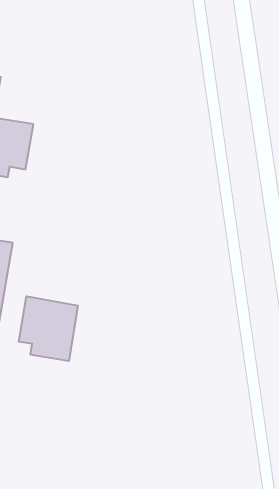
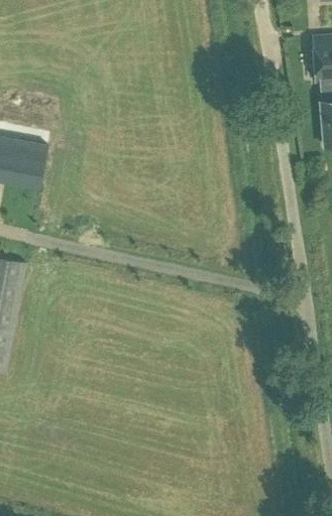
building: [19,296,78,361] -> none

